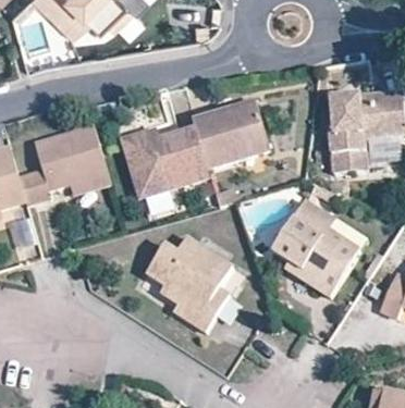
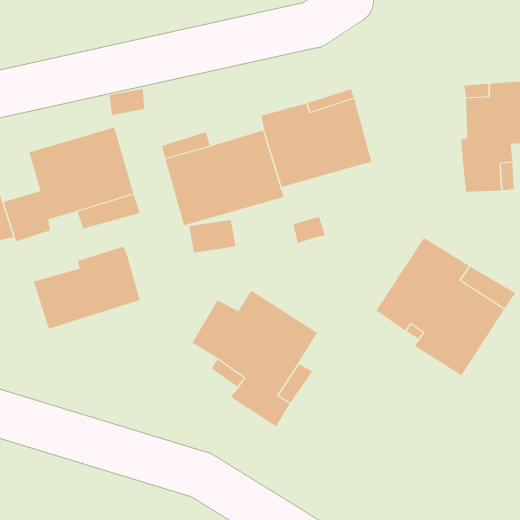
building: none -> [33,246,140,329]

